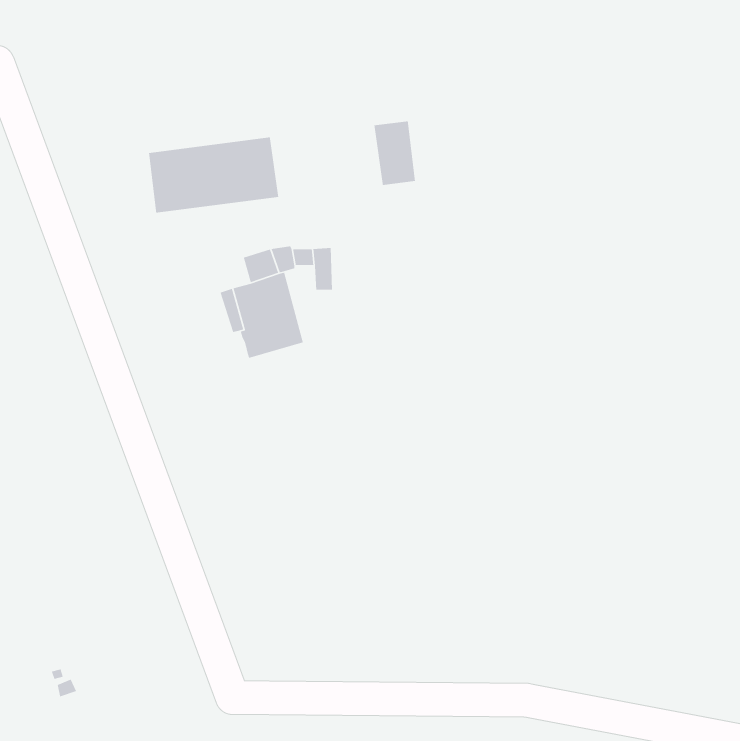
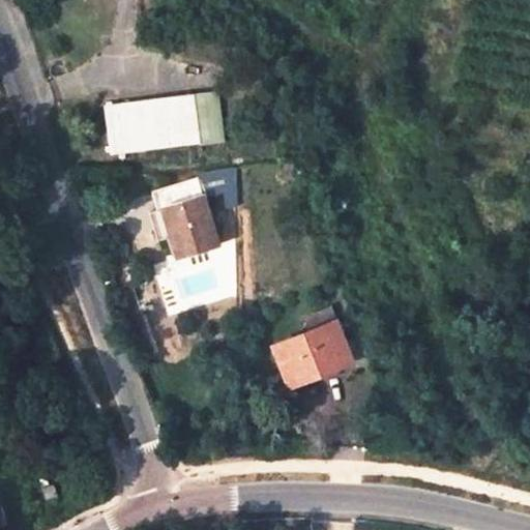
building: [374,121,416,186] -> [193,95,223,142]
building: none -> [272,321,351,385]

